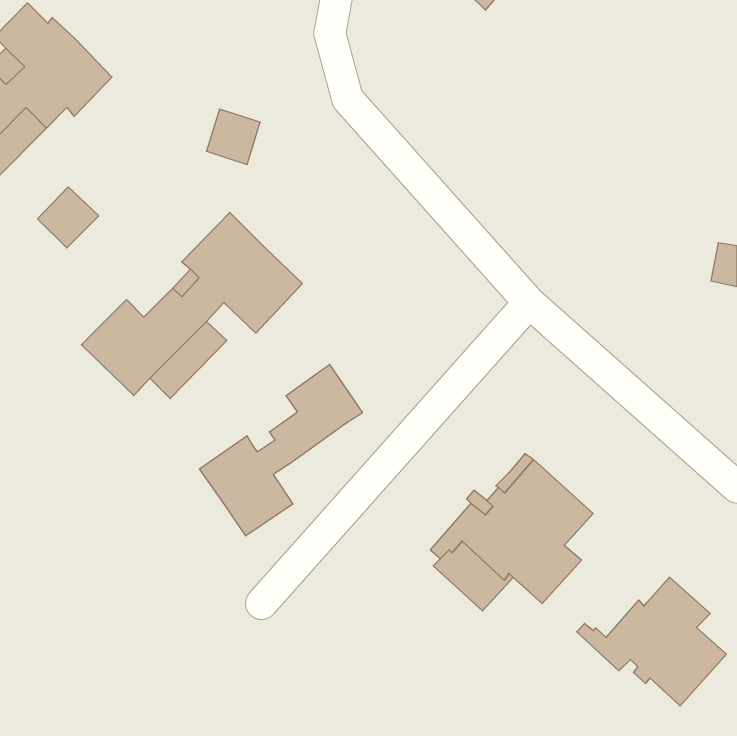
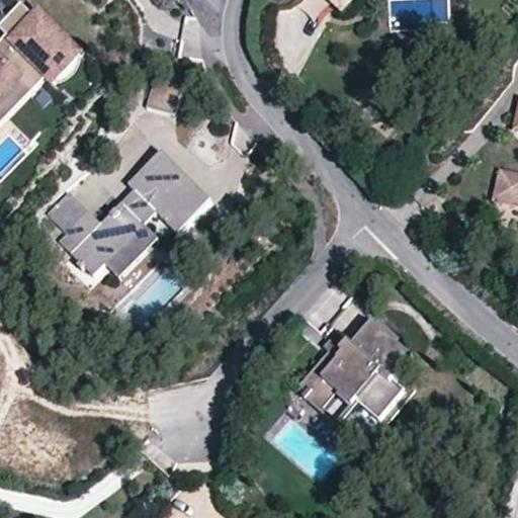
building: [38,187,99,248] -> [46,188,88,231]
building: [200,364,362,536] -> none
building: [577,577,726,706] -> none

